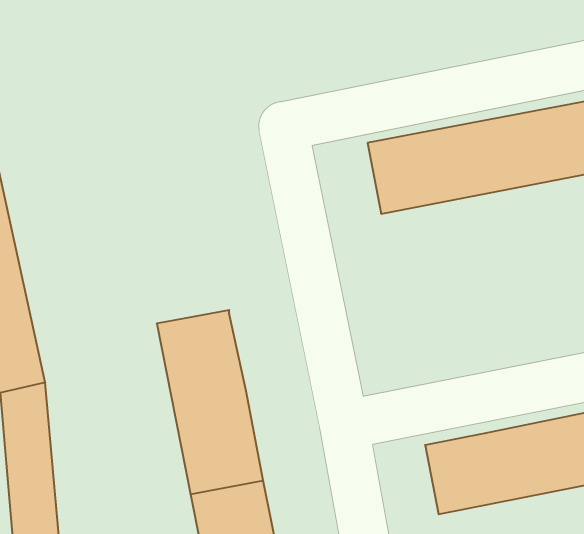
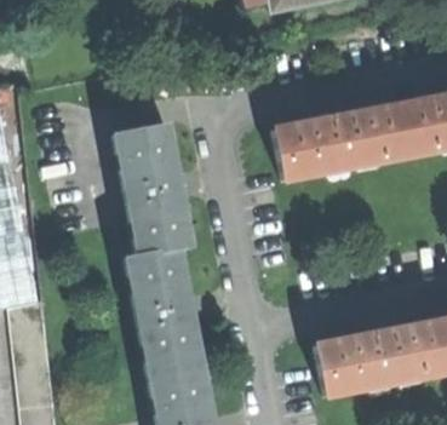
building: none -> [113,125,190,255]

